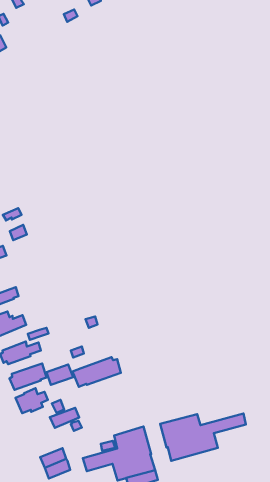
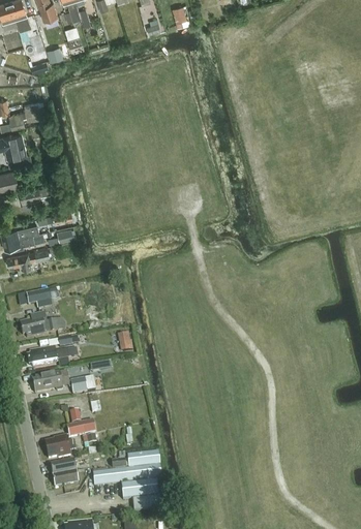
building: [73,357,121,387] -> none
building: [15,388,48,413] -> [43,434,76,457]
building: [160,413,246,461] -> none

